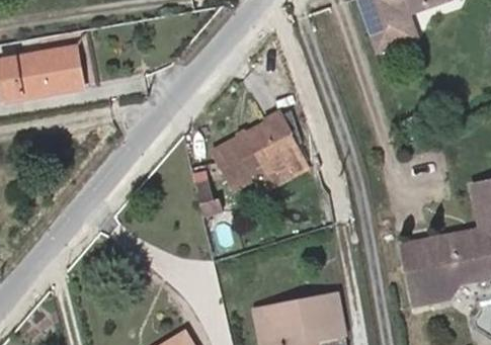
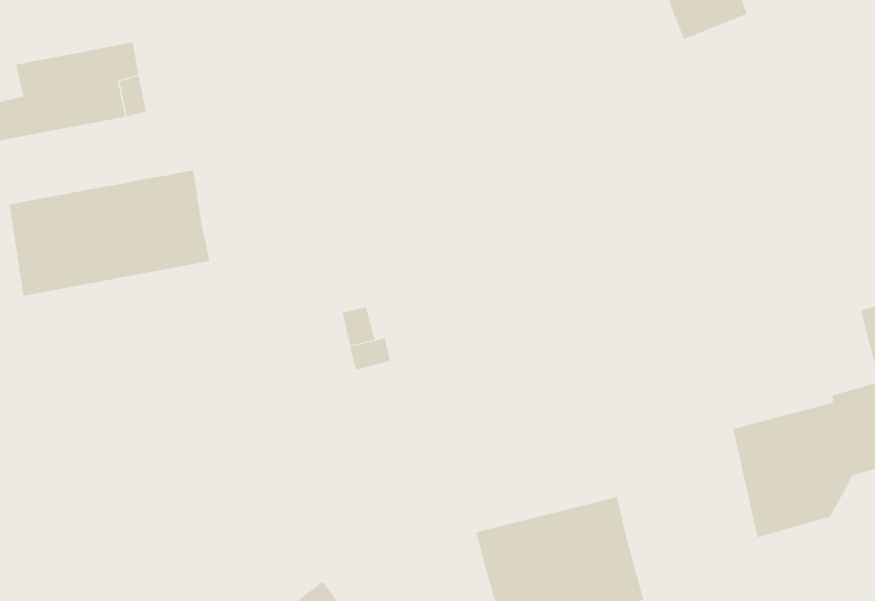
building: none -> [9,170,210,297]
building: [209,113,307,188] -> none

